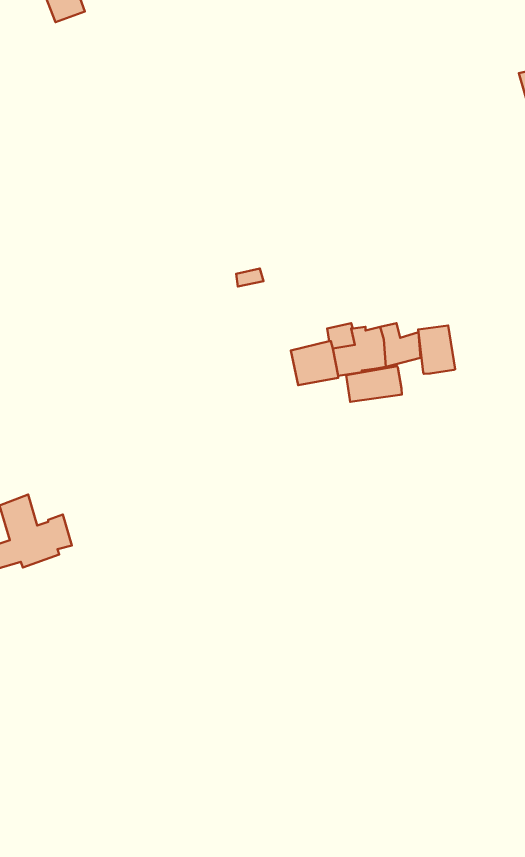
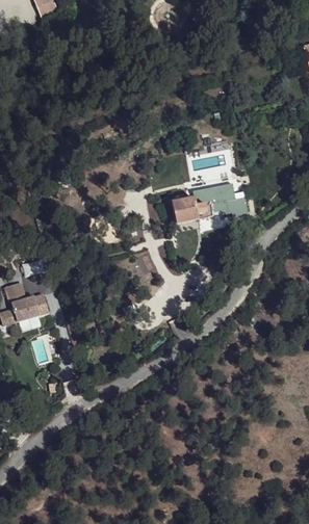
building: [418,325,455,374] -> none
building: [346,366,402,402] -> none

